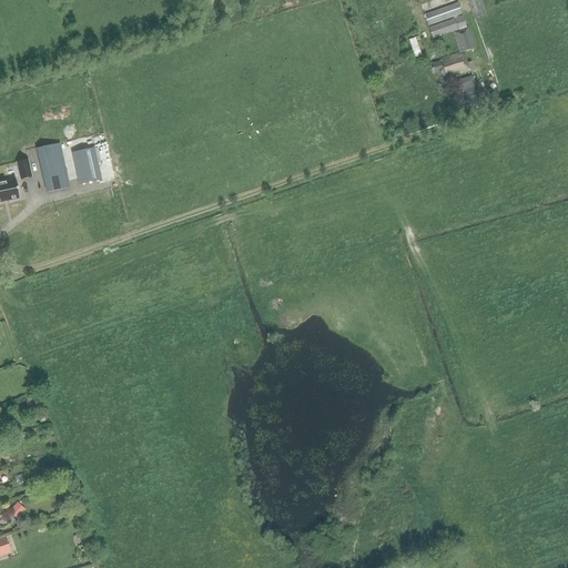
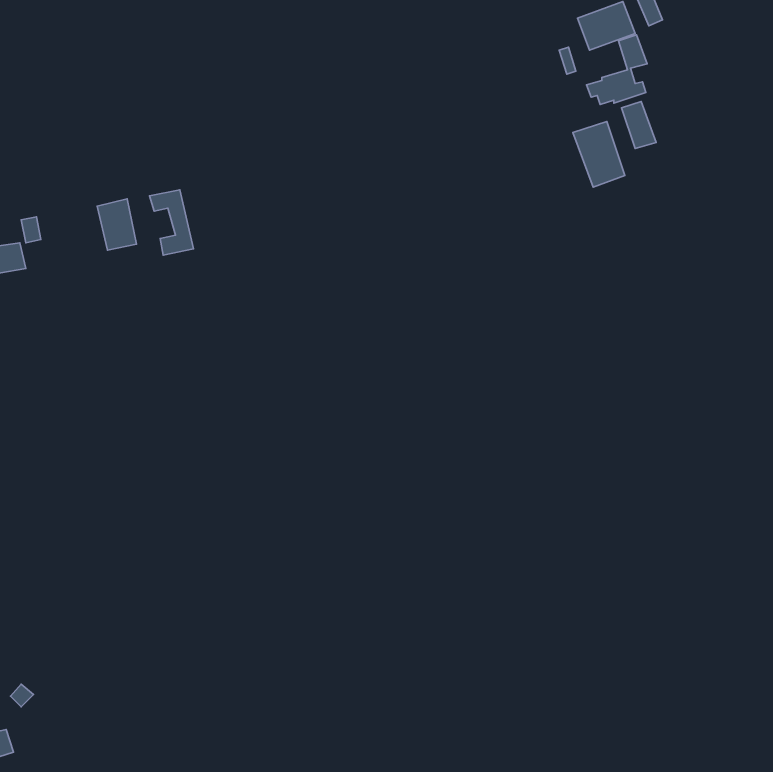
building: none -> [573,122,625,187]
building: [37,142,69,190] -> [150,190,194,255]

